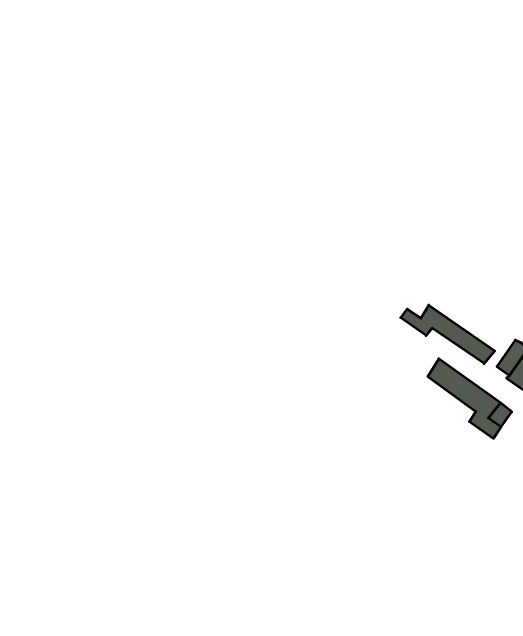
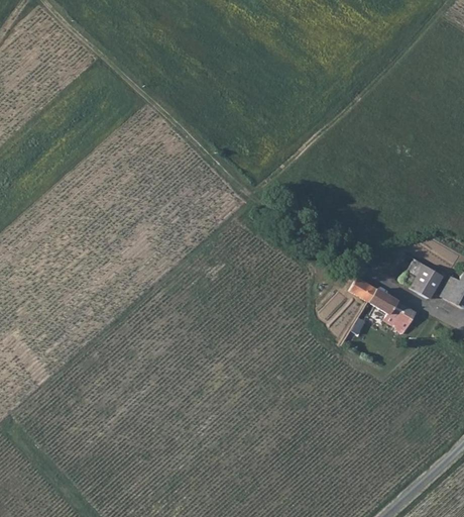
building: [401,305,495,364] -> none

